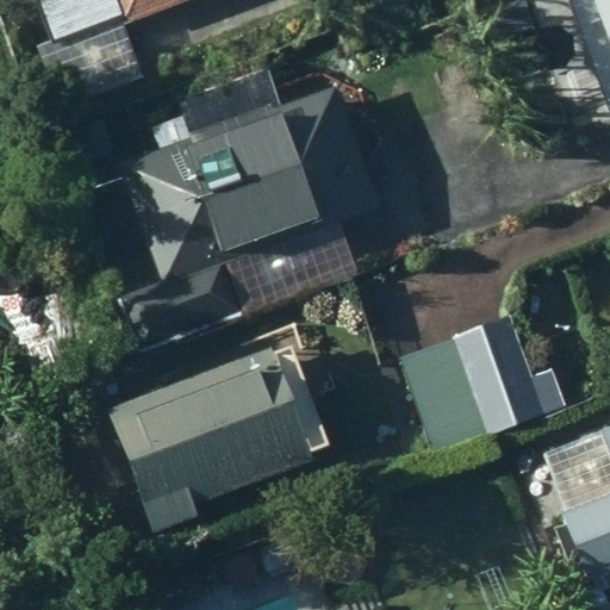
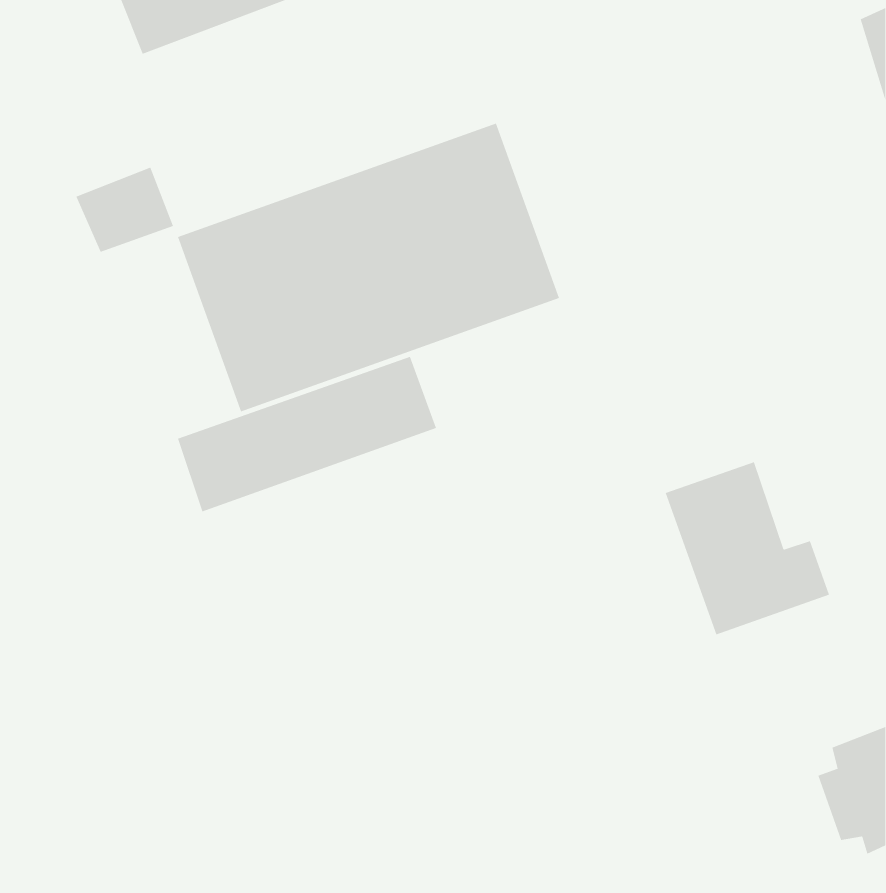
building: [101,338,319,533] -> none

